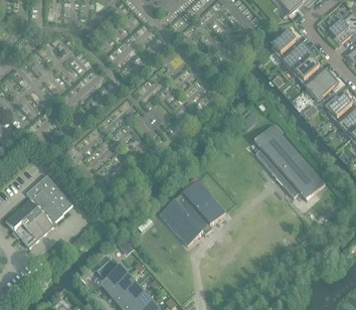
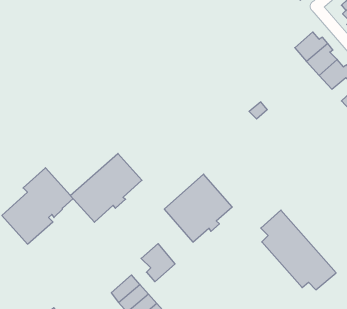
building: [271,27,300,59] -> none
building: [252,123,324,198] -> [261,210,336,290]
building: none -> [70,153,142,222]
building: [96,256,128,292] -> [141,244,175,282]

